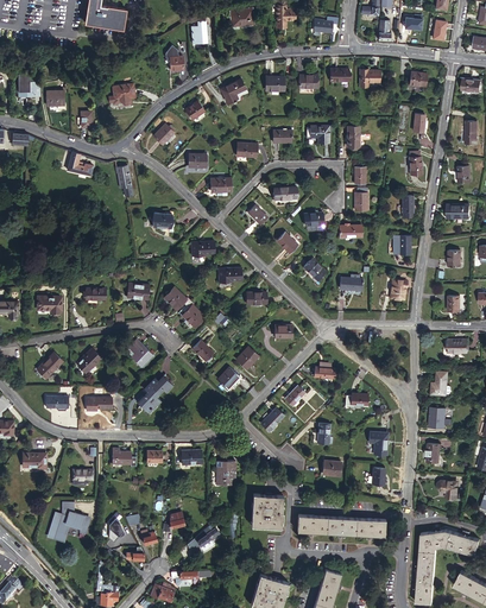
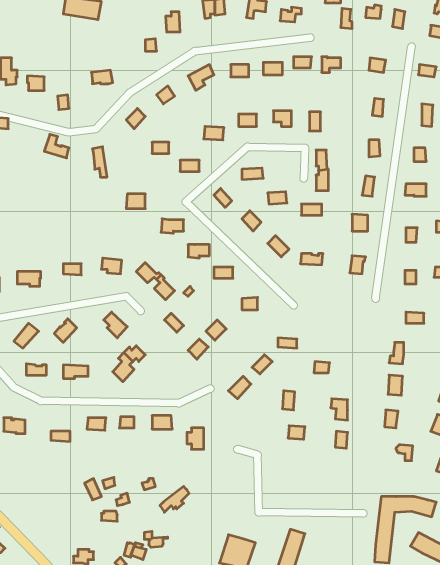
building: [252,494,284,527] -> none
building: [48,504,88,545] -> none
building: [297,515,386,537] -> none

